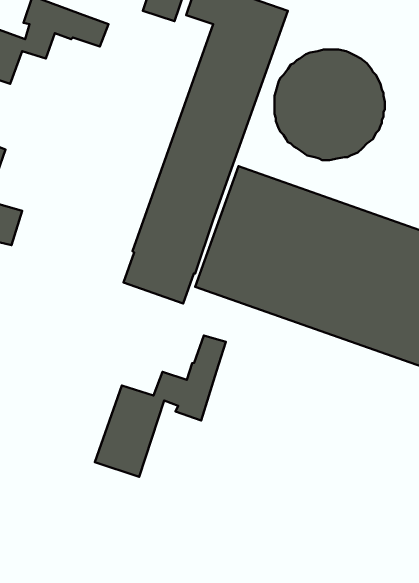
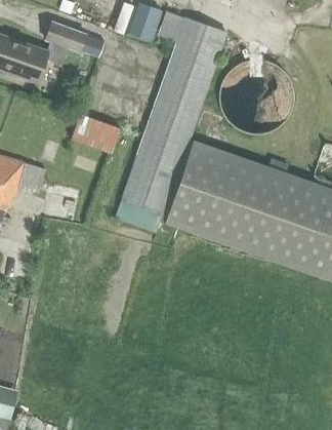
building: none -> [71,114,120,153]
building: [95,336,226,477] -> none

